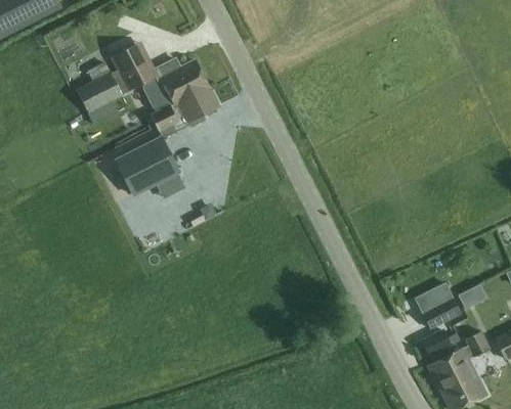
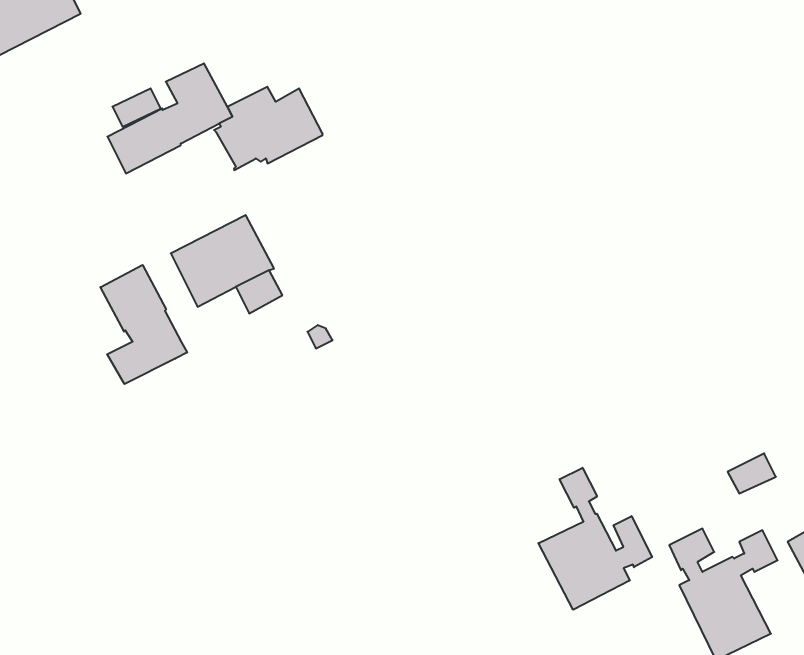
building: [151,88,218,130] -> none
building: none -> [100,265,187,384]
building: [415,282,460,327] -> none
building: none -> [538,468,652,610]

